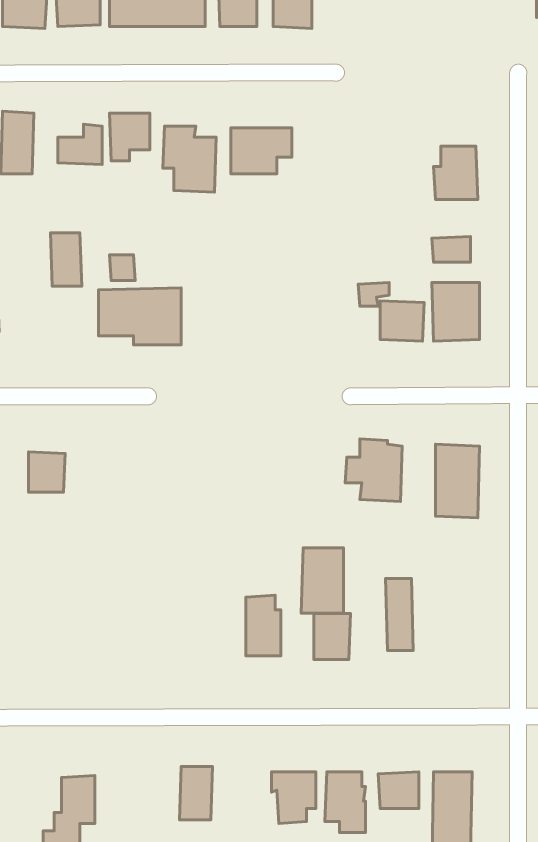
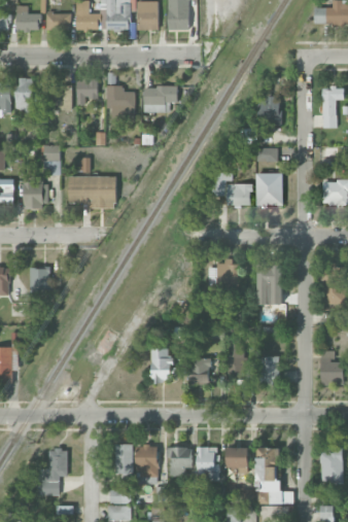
building: none -> [23,176,48,207]
building: [301,548,343,613] -> none
building: none -> [259,356,278,385]
building: none -> [136,445,156,476]

